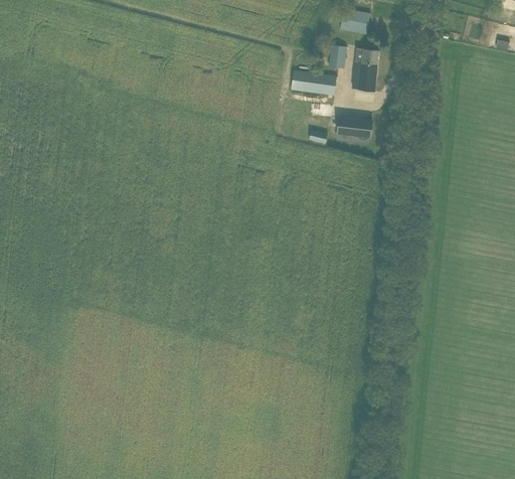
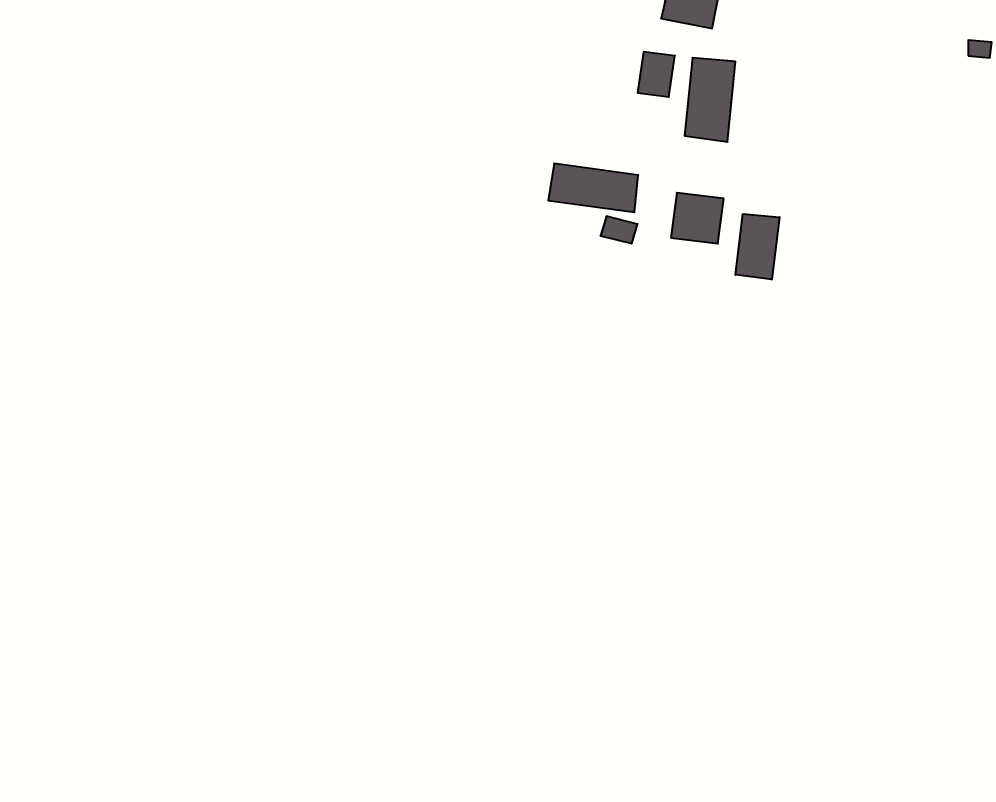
building: [291,70,337,96] -> [548,163,638,212]
building: none -> [735,214,780,280]

